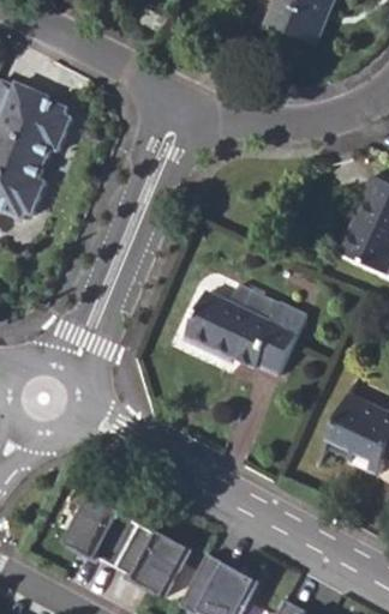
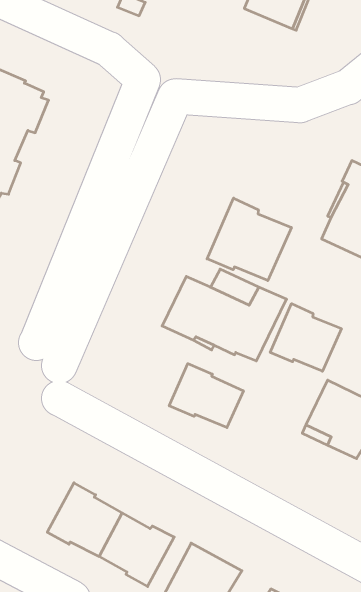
building: none -> [207,198,291,281]
building: none -> [270,304,341,371]
building: none -> [169,364,243,428]

